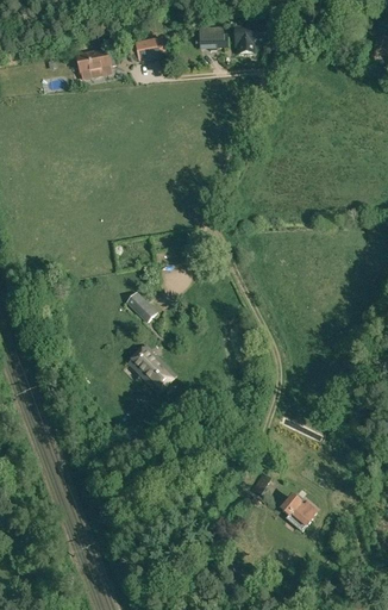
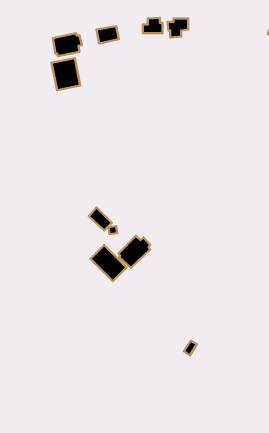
building: none -> [52,58,80,90]
building: none -> [119,236,150,268]
building: [283,492,318,529] -> none

